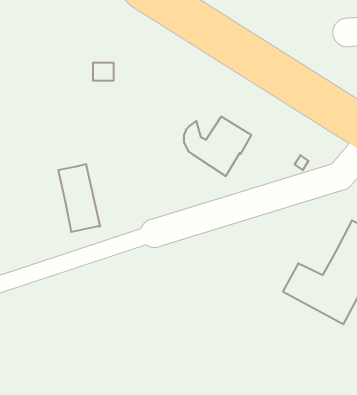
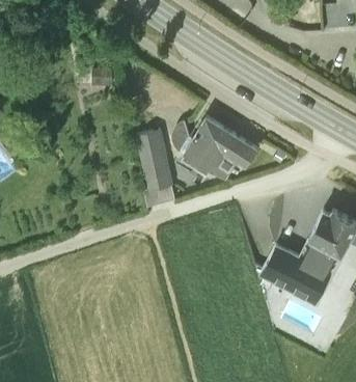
building: none -> [211,134,257,179]
building: [58,164,100,232] -> [136,131,173,191]

